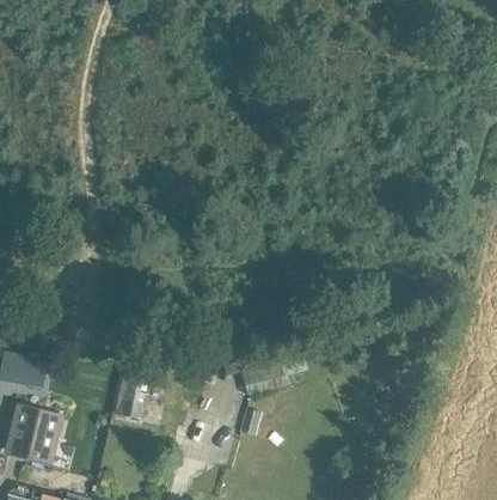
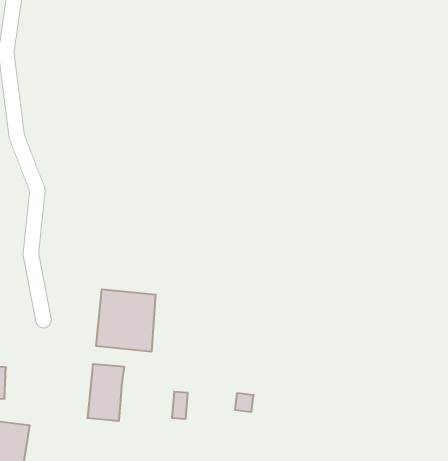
building: none -> [96,289,156,352]

